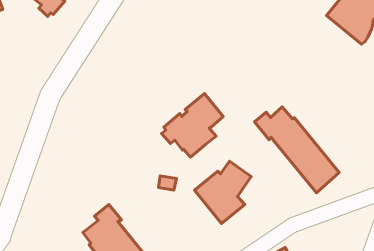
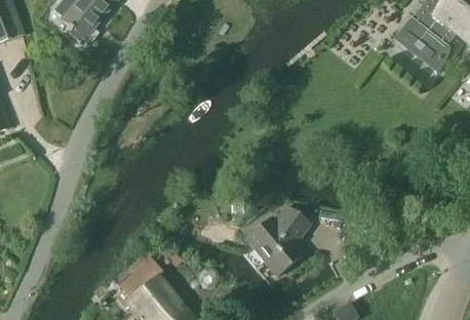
building: [162,94,223,157] -> none
building: [254,107,339,193] -> none

